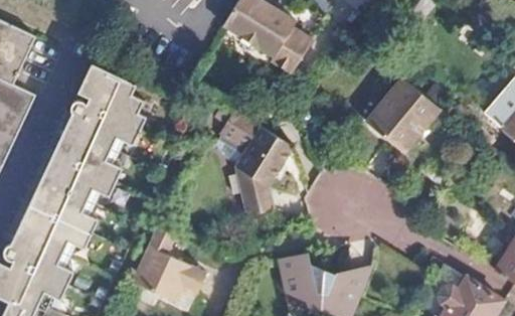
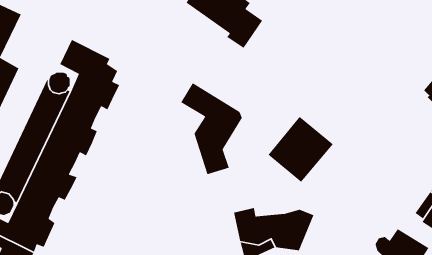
building: [365,78,441,155] -> [268,116,334,183]
building: [130,228,206,303] -> none

